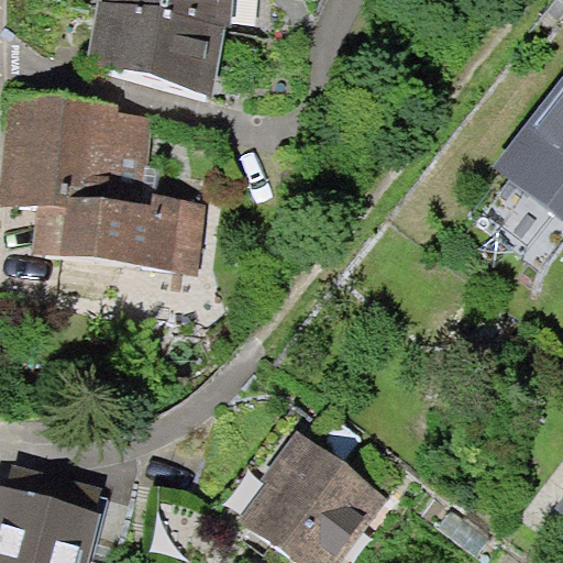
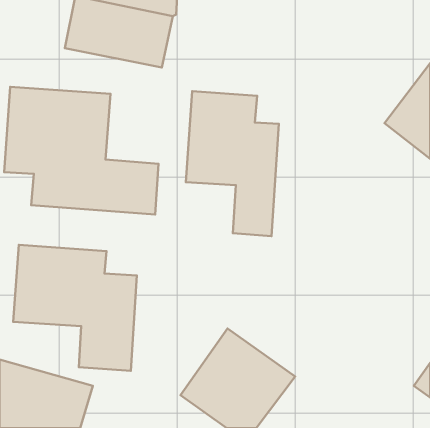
building: none -> [186,91,279,236]
building: none -> [13,245,137,371]

